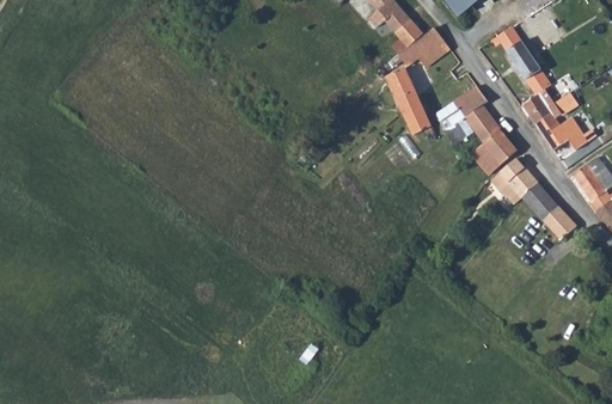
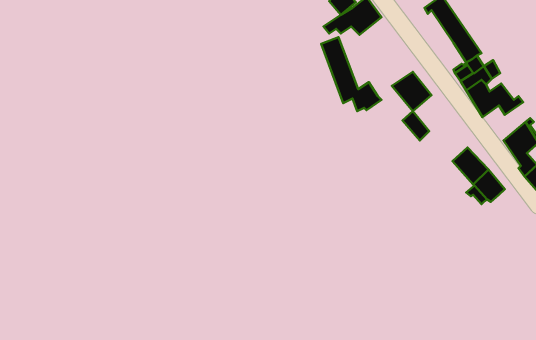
building: [436,86,488,129] -> none
building: [482,128,516,165] -> none
building: [498,158,538,204] -> none

